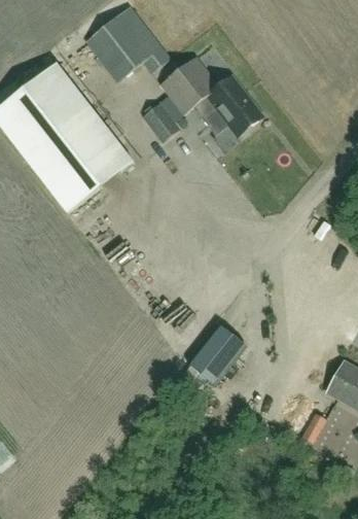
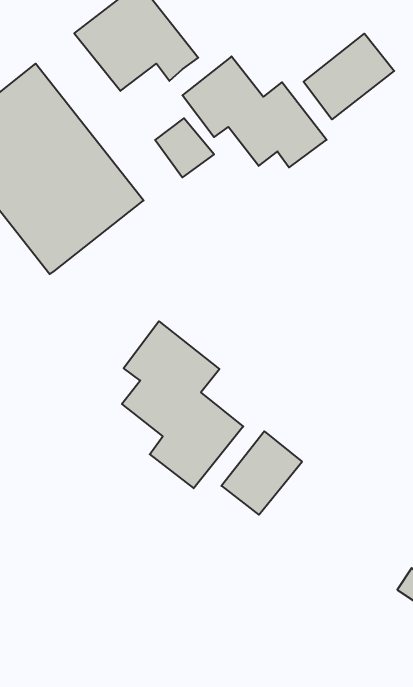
building: none -> [304,34,394,119]
building: none -> [122,321,243,488]

